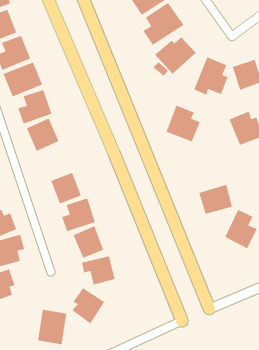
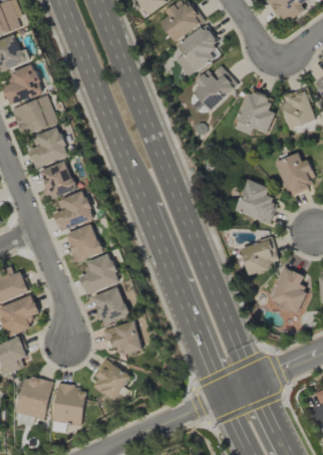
building: [166,104,201,142] -> [235,179,276,223]
building: none -> [53,190,95,233]
building: none -> [14,376,52,420]

